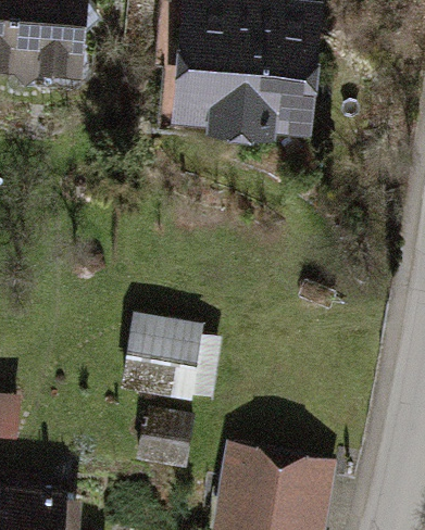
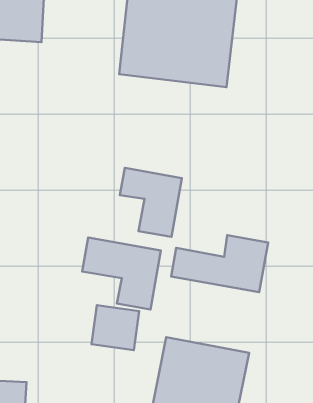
building: none -> [120,168,182,237]
building: none -> [171,235,268,292]

